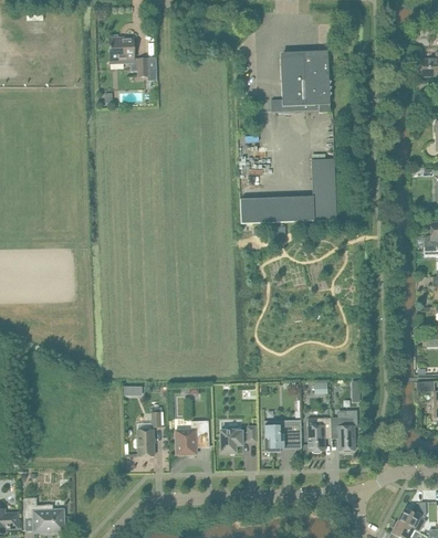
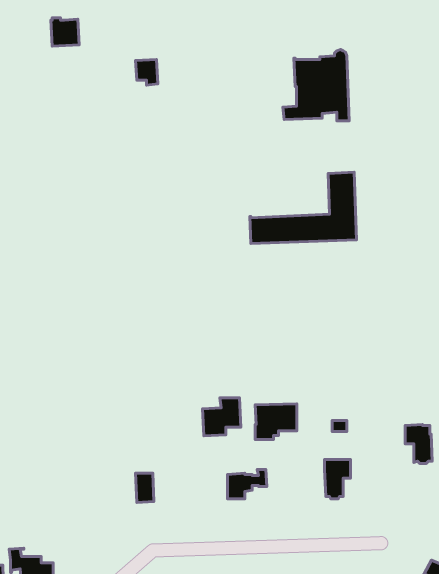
building: [108,34,134,60] -> [51,18,79,46]
building: [331,415,355,451] -> [405,424,432,464]
building: [263,419,301,451] -> [255,404,297,439]
building: [175,420,209,454] -> [203,398,241,436]

